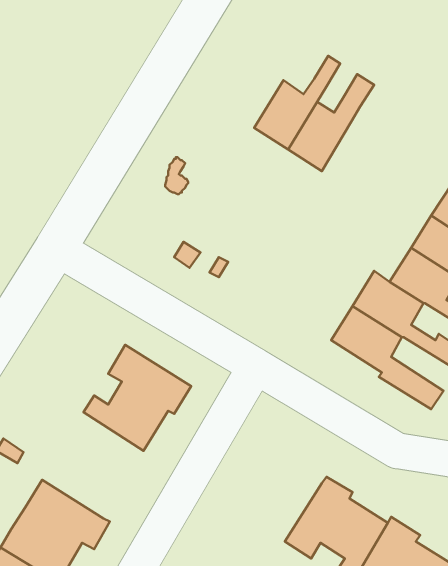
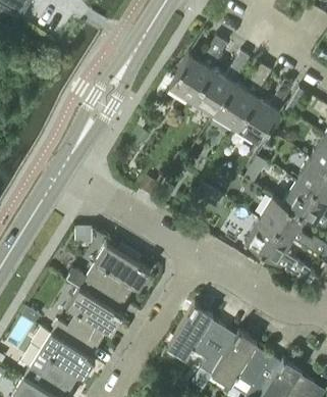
building: none -> [168,38,226,101]
building: none -> [236,81,293,144]
building: none -> [51,290,123,360]
building: none -> [167,304,236,376]

